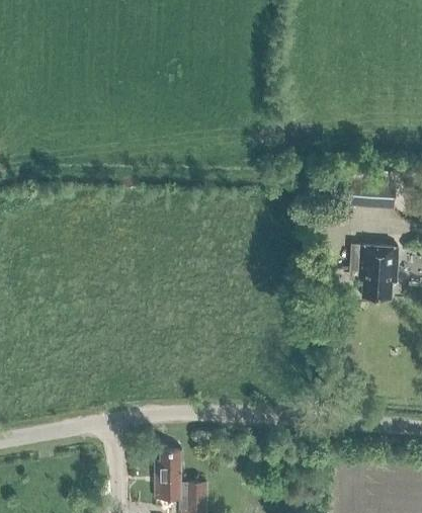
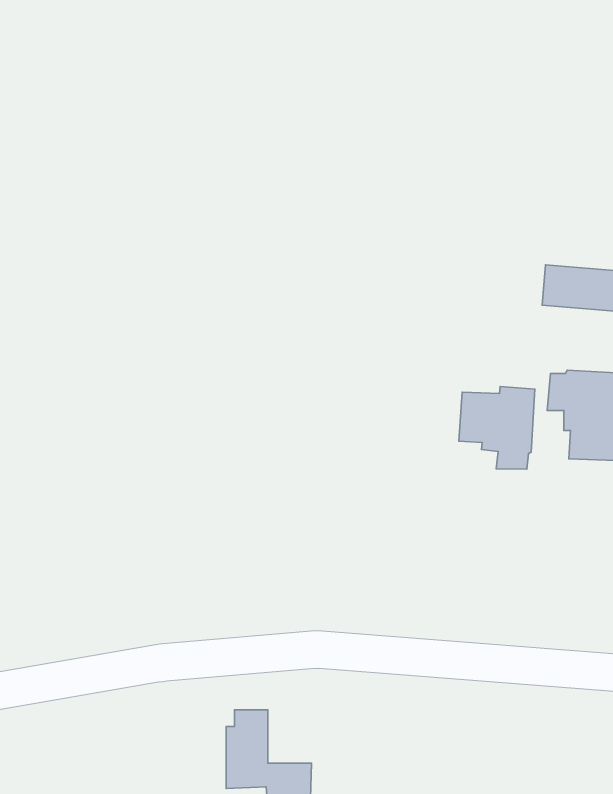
building: none -> [459,387,535,469]

